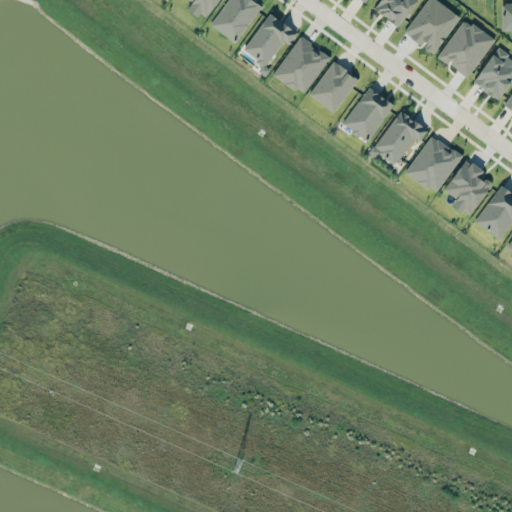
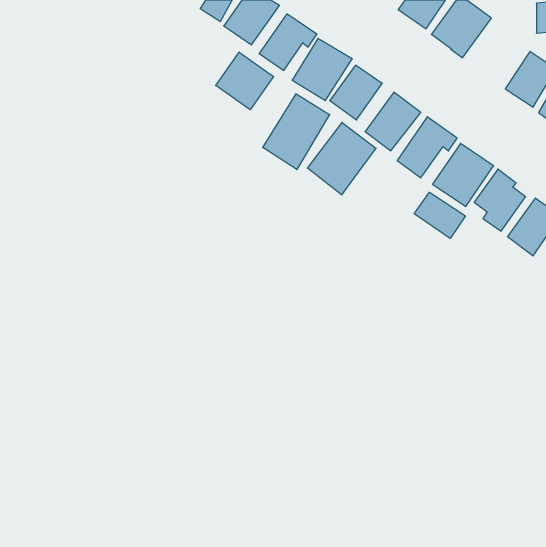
building: [437,18,495,77] -> none
building: none -> [216,52,274,110]
building: none -> [263,94,330,170]
building: none -> [307,122,376,195]
building: none -> [414,192,465,238]

